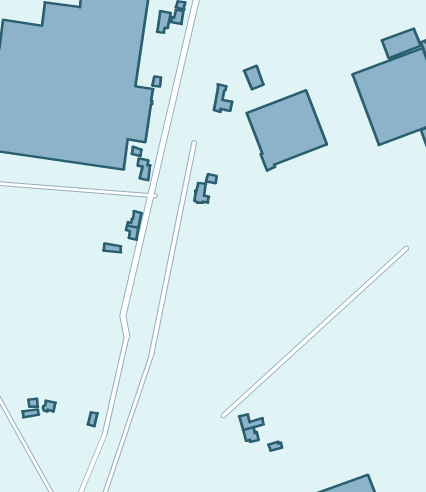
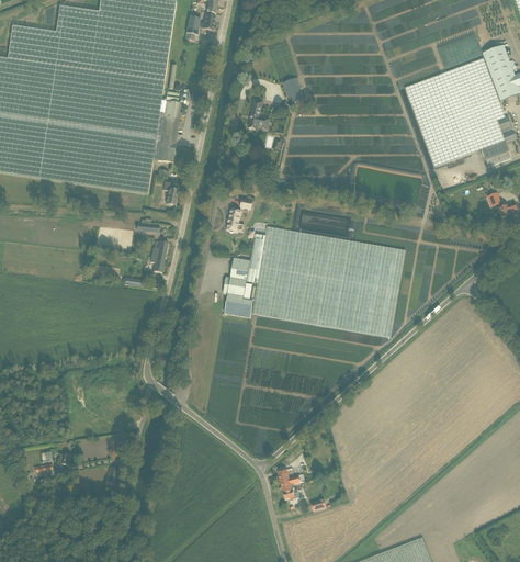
building: [247,90,327,171] -> none
building: none -> [222,225,405,336]

